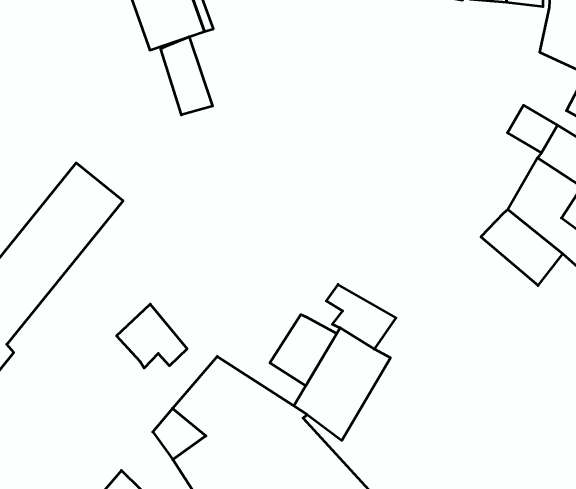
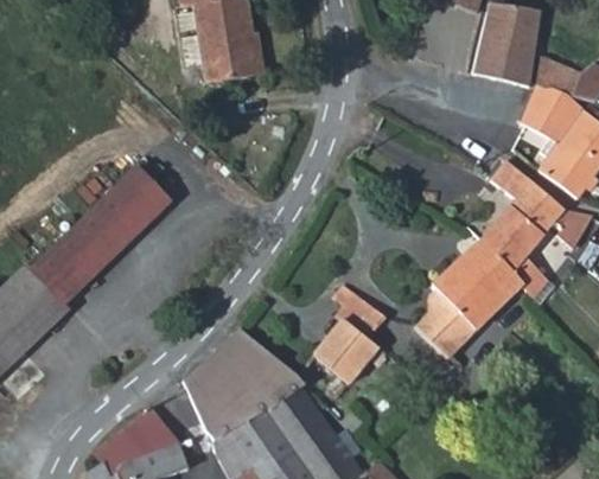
building: [161,37,213,115] -> none
building: none -> [413,260,497,356]
building: [117,304,187,368] -> none
building: [270,315,337,386] -> none

